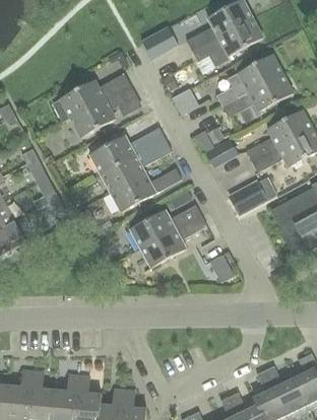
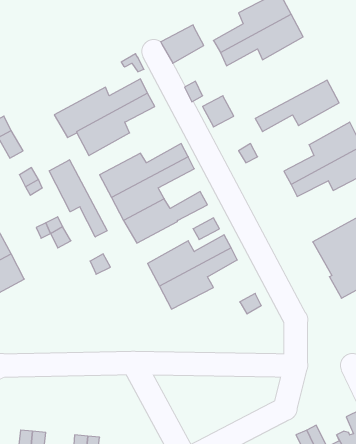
building: [216,54,282,106] -> none
building: [205,138,239,167] -> none
building: none -> [49,160,107,237]
building: [230,182,268,214] -> none

